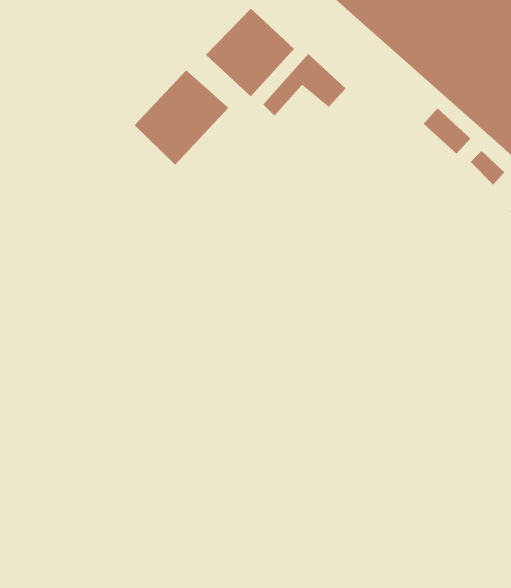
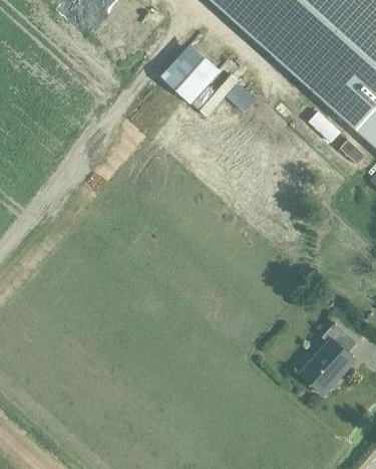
building: [134,69,229,166] -> none
building: none -> [304,323,360,395]

